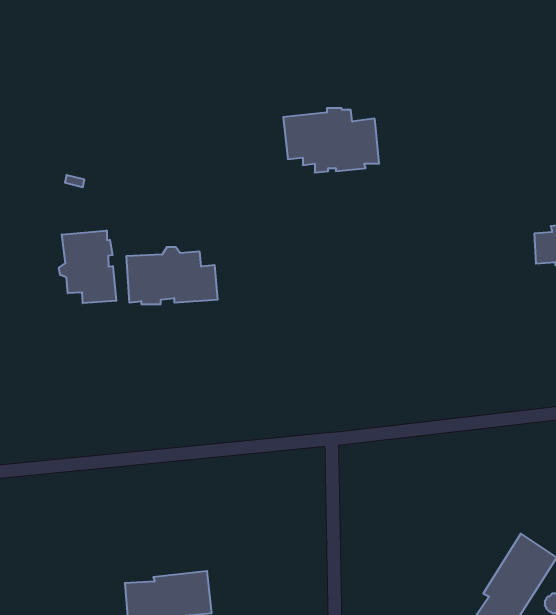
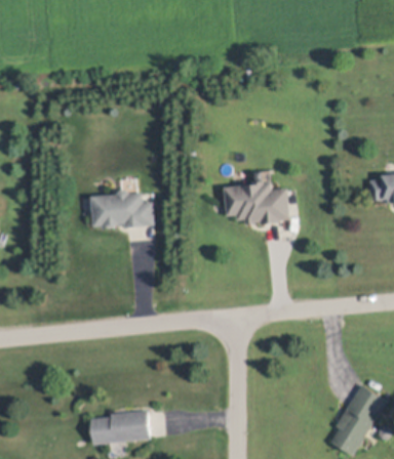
building: [283,108,379,173] -> [224,181,289,225]
building: [59,230,116,303] -> none

